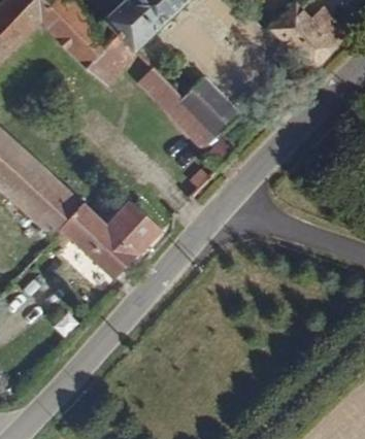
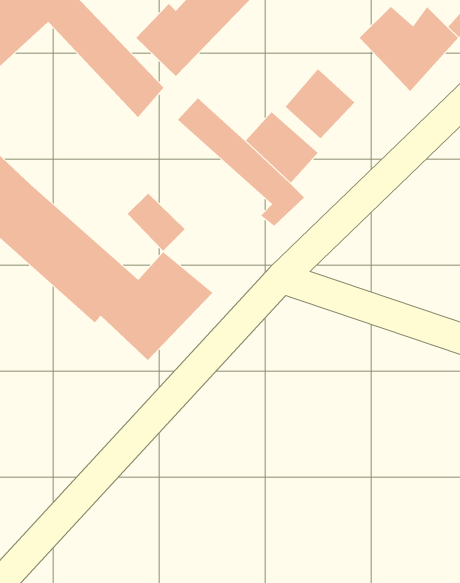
building: none -> [285,68,355,139]
building: none -> [127,193,186,251]

